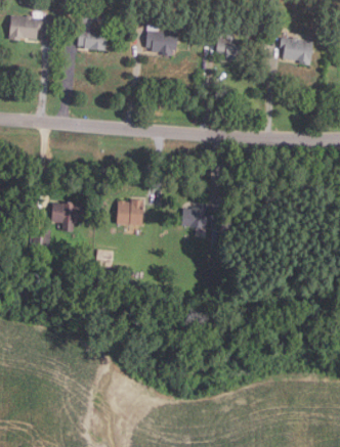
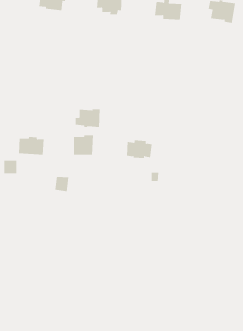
building: none -> [75,108,100,128]

